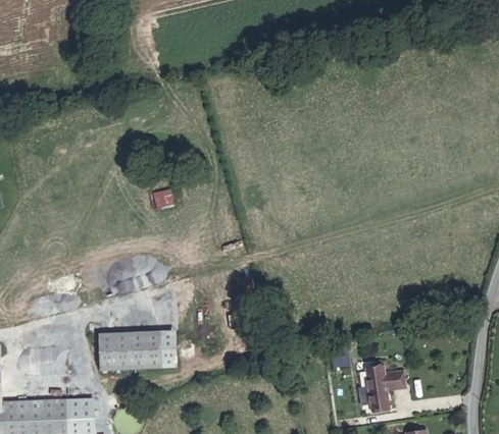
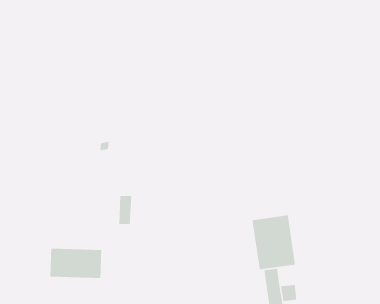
building: none -> [252,215,296,270]
building: [160,326,177,362] -> [119,195,132,225]

